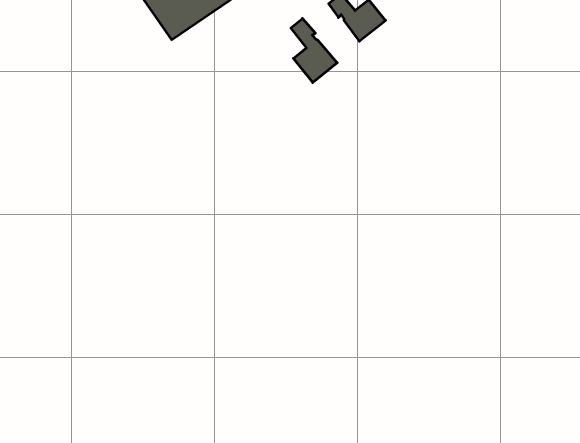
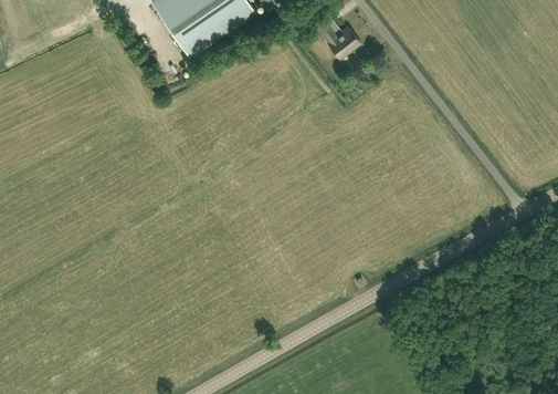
building: [291,18,337,83] -> none

